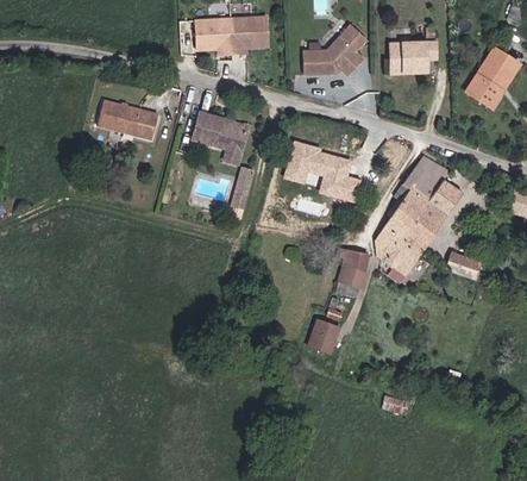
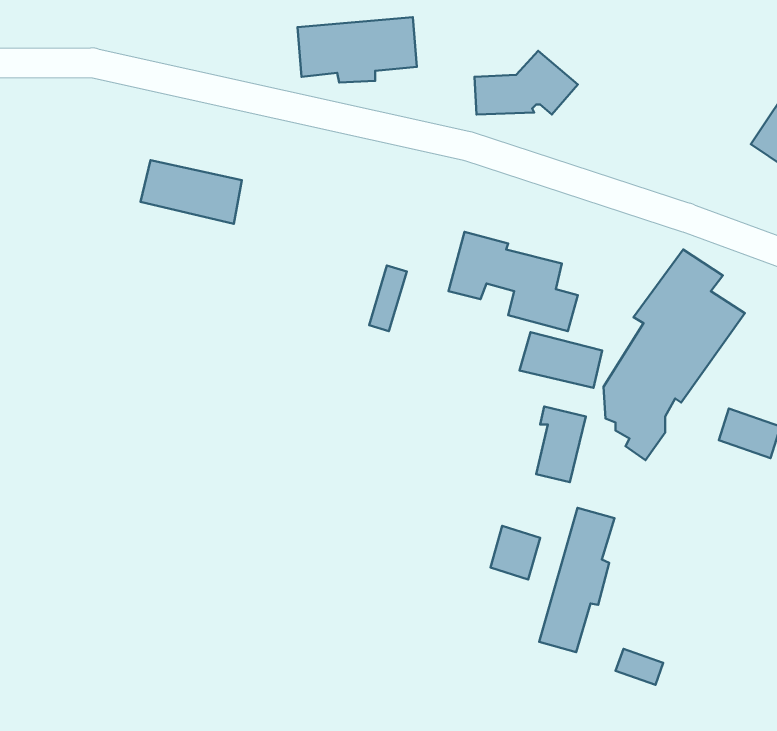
building: [388,42,433,68] -> none
building: [192,113,249,165] -> none
building: none -> [520,332,602,388]
building: none -> [539,508,615,652]

